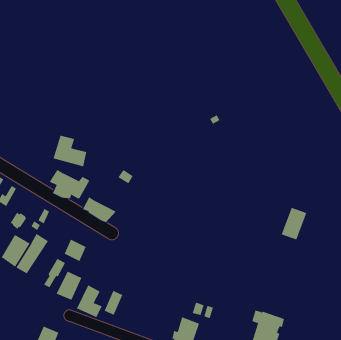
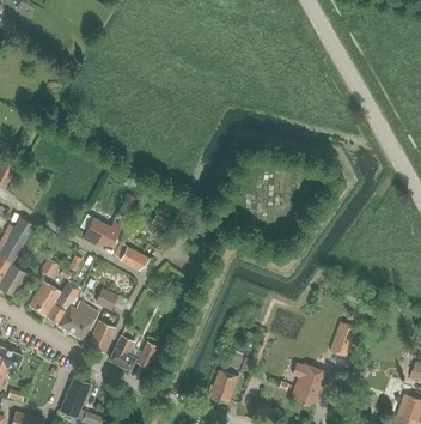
building: [53,135,87,167] -> none
building: [281,207,307,240] -> [329,321,356,356]
building: none -> [57,302,89,335]

